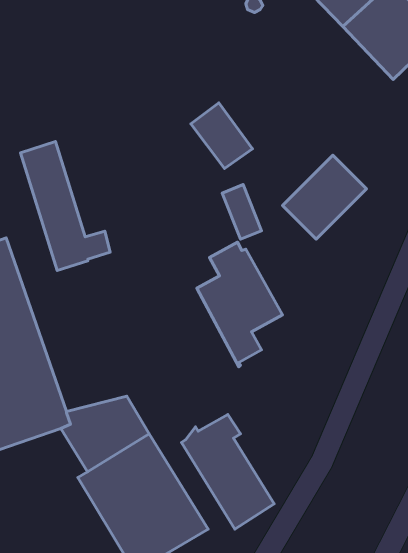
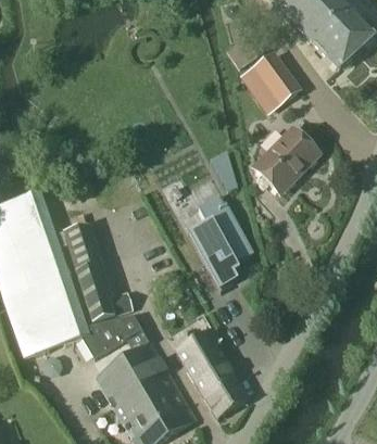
building: [191,103,253,169] -> [252,51,300,102]
building: [21,142,110,270] -> [62,221,131,321]

